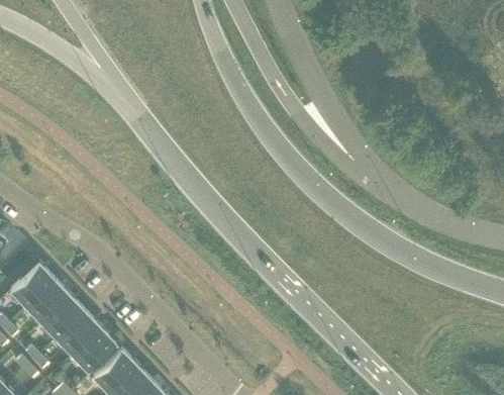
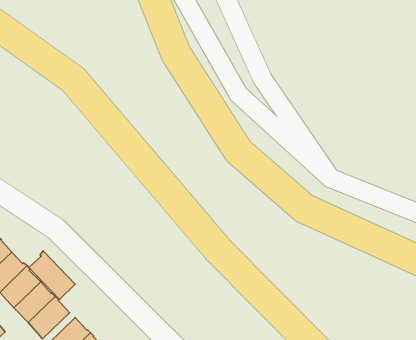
building: none -> [29,251,75,300]

